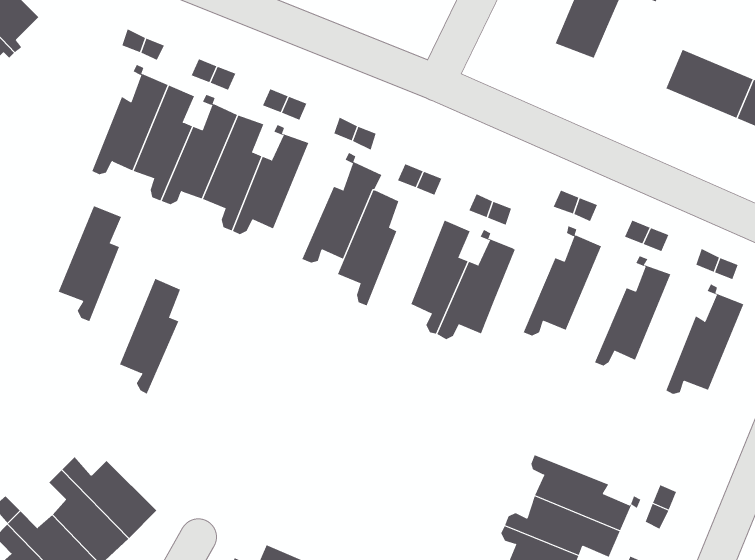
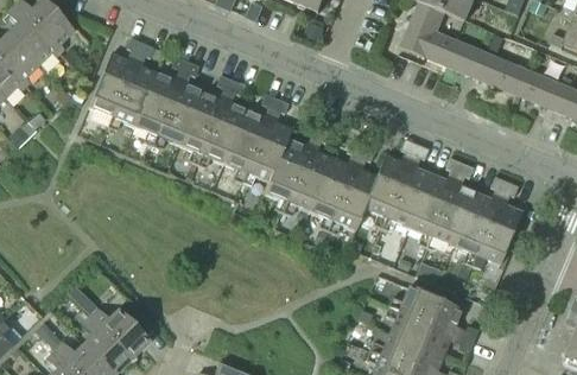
building: none -> [426,30,482,74]
building: none -> [283,144,331,214]
building: [58,205,122,322] -> [88,52,128,126]
building: none -> [363,154,402,228]
building: none -> [408,173,448,247]
building: none -> [452,191,492,265]
building: [119,278,181,394] -> [223,108,262,182]
building: none -> [388,286,462,325]

